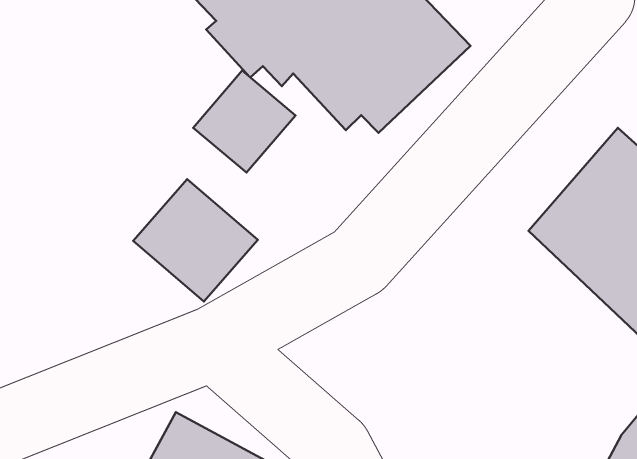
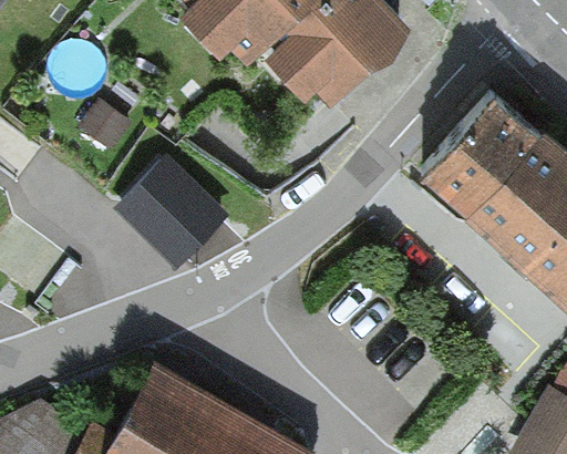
building: [193,71,296,172] -> none
building: none -> [420,74,545,205]

